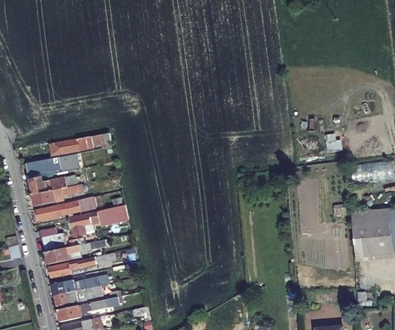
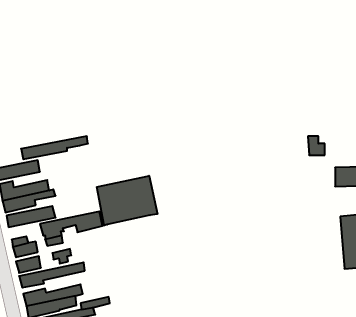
building: none -> [97,176,157,226]

